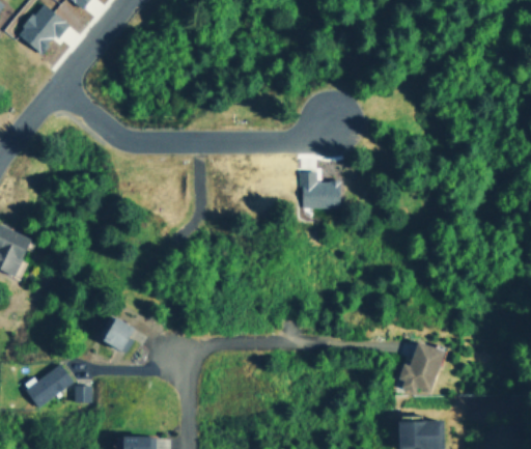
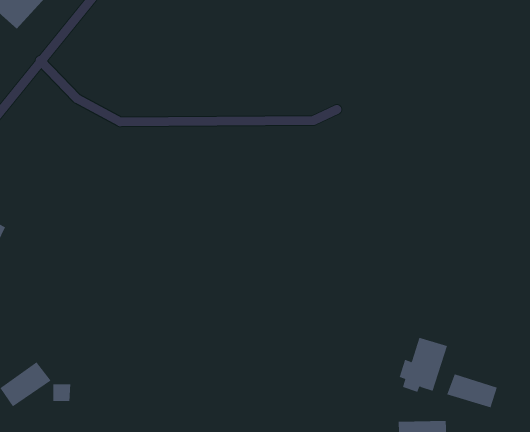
building: [301,172,340,208] -> none
building: [102,317,134,353] -> none
building: none -> [447,374,498,408]

